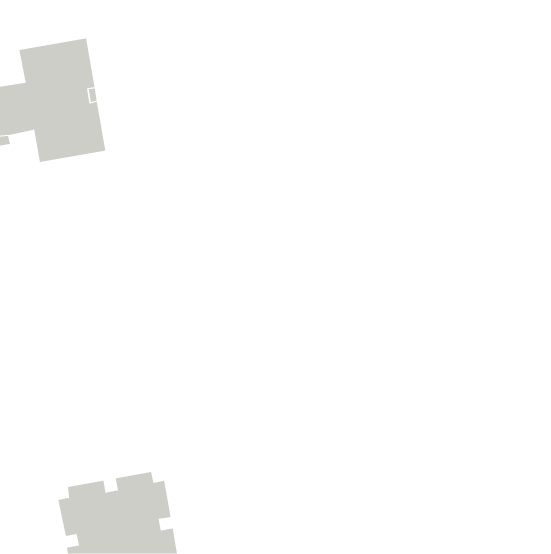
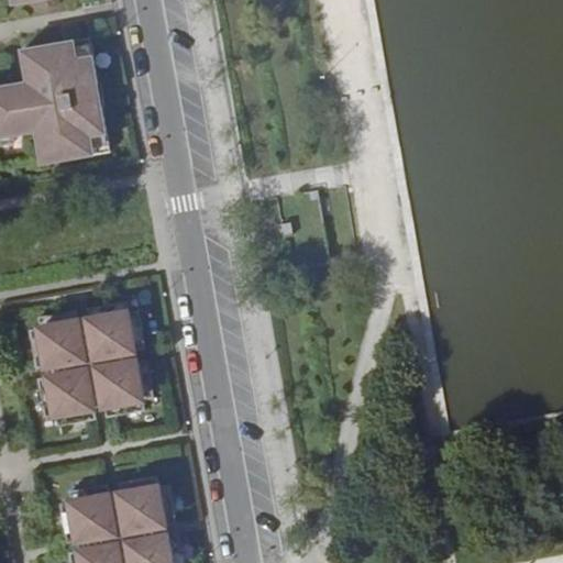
building: none -> [27,301,151,424]

